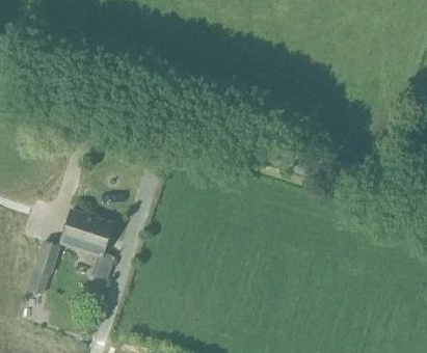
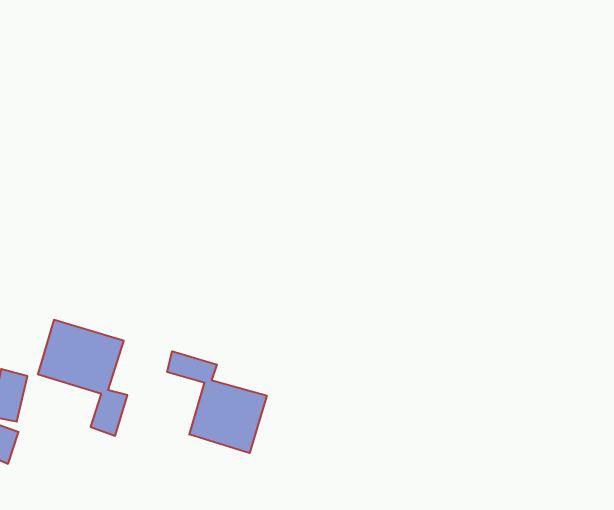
building: none -> [167,351,267,453]

